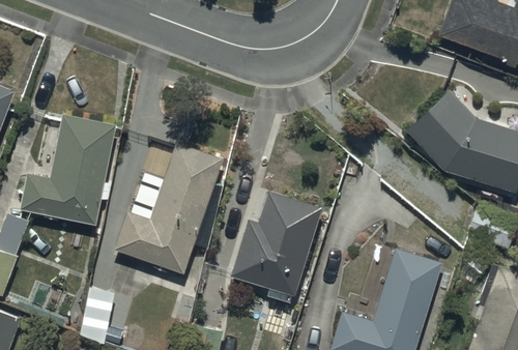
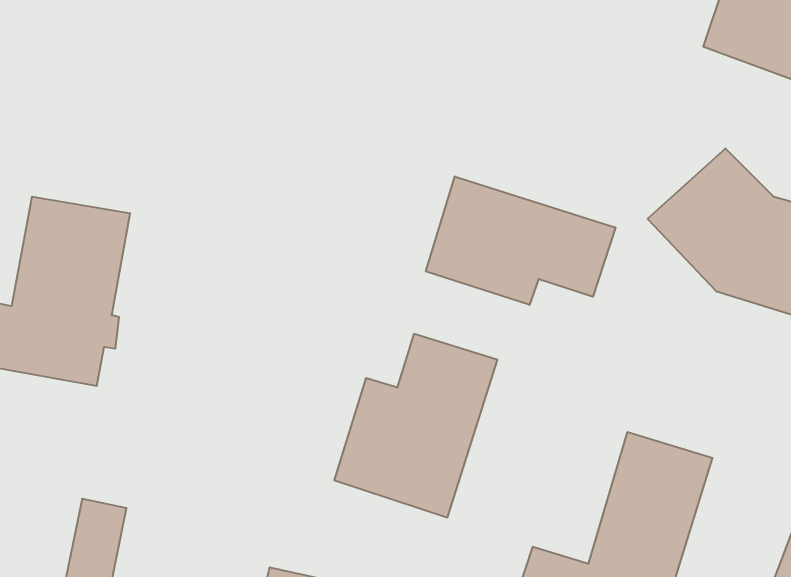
building: none -> [426,176,615,305]
building: [115,143,226,302] -> none

